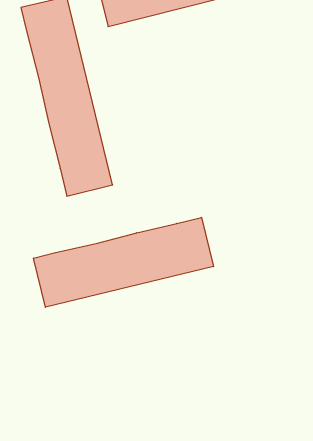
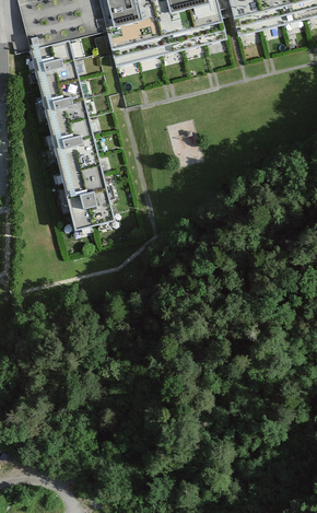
building: [34,217,213,307] -> none

